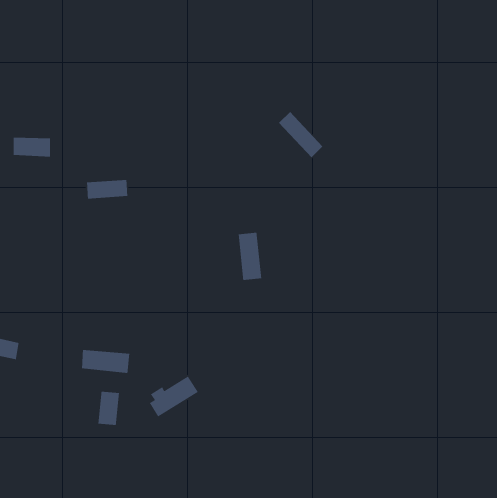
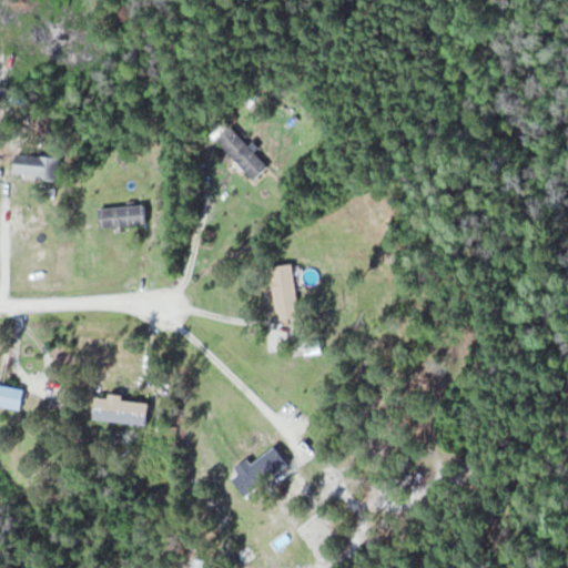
building: [278,111,323,158] -> [216,129,267,182]
building: [149,375,199,418] -> [231,448,287,496]
building: [98,391,120,426] -> none

